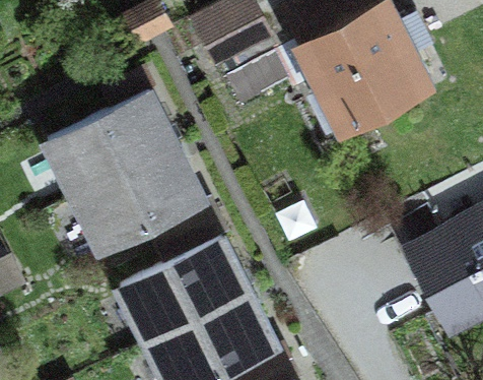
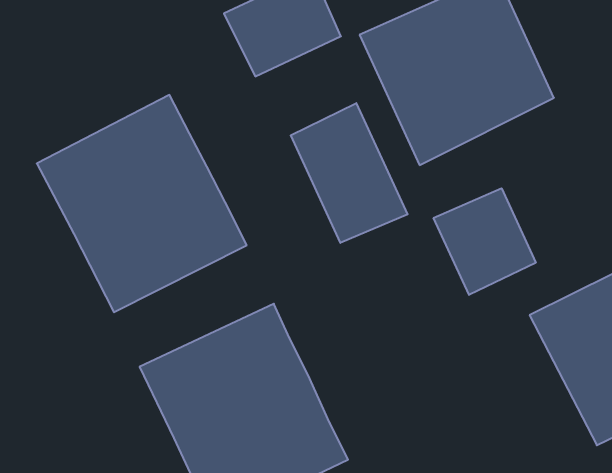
building: none -> [291,103,408,243]
building: none -> [434,188,536,295]

